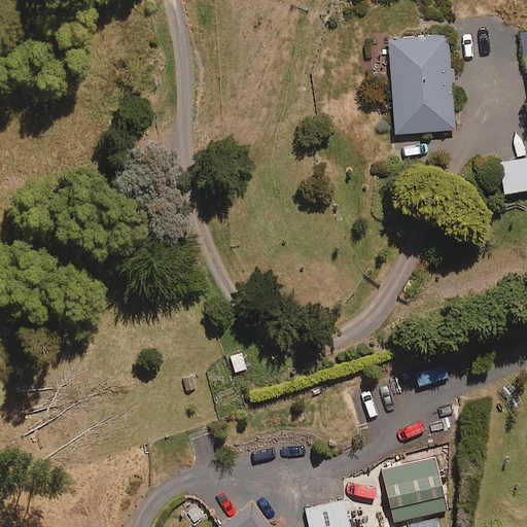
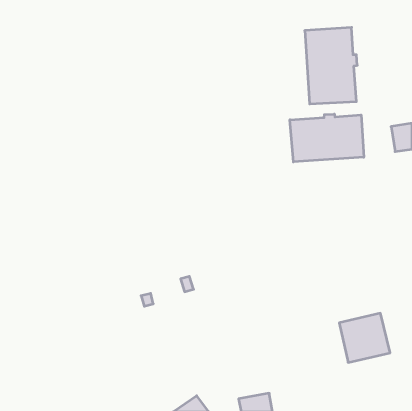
building: none -> [290,114,364,162]
building: [382,455,447,518] -> [339,313,390,362]

